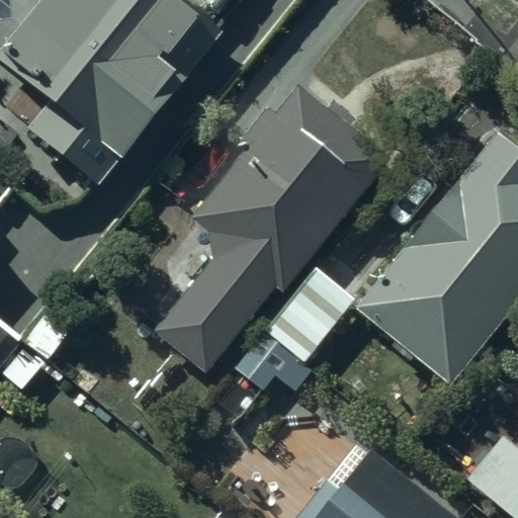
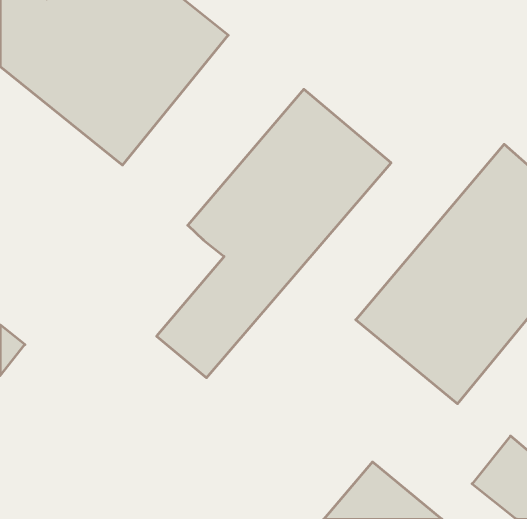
building: [233,262,354,386] -> none

